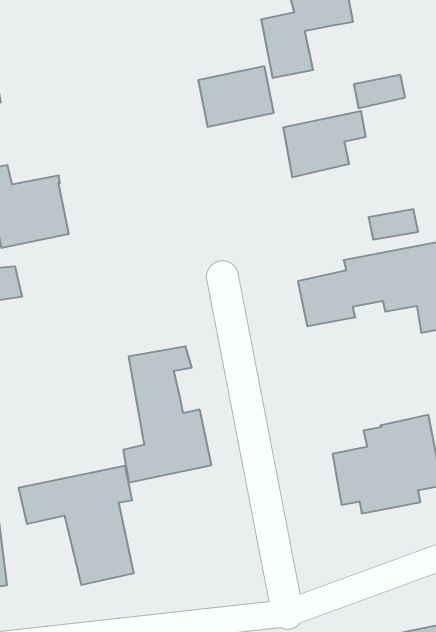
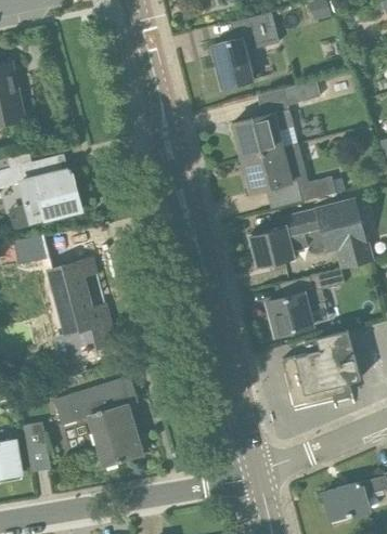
building: [198,66,274,127] -> [241,146,297,193]
building: none -> [267,269,345,335]
building: [123,346,211,483] -> [51,258,116,360]

